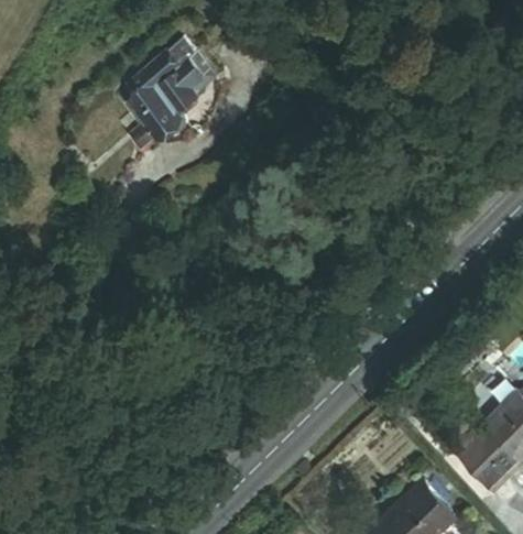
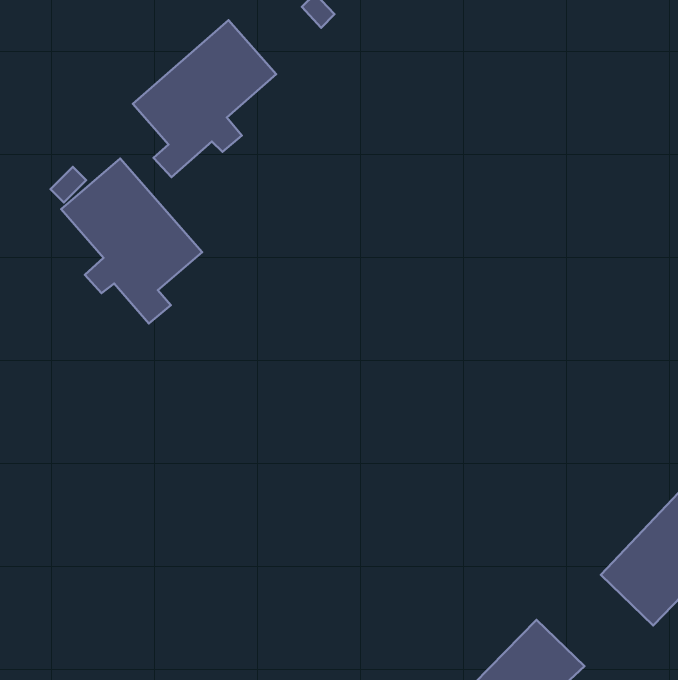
building: none -> [61,158,202,324]

